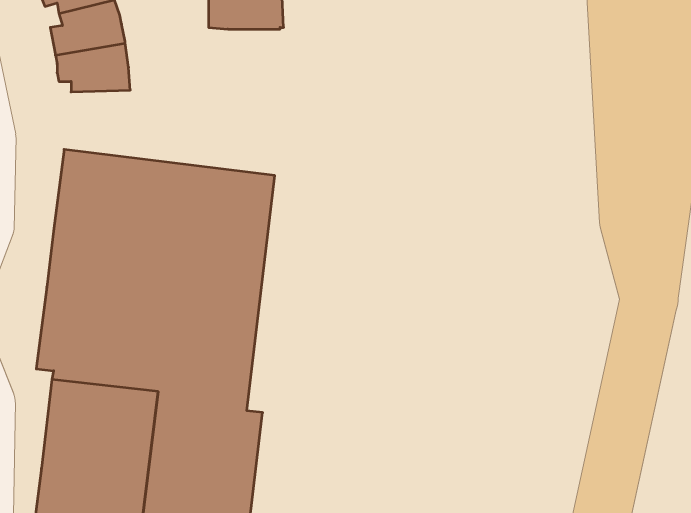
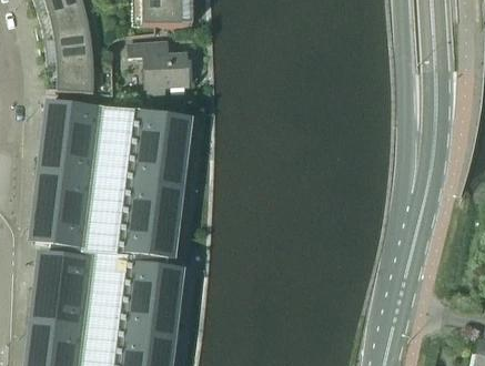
building: none -> [130,40,190,98]
building: none -> [49,62,94,92]

